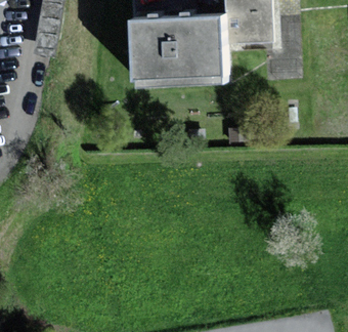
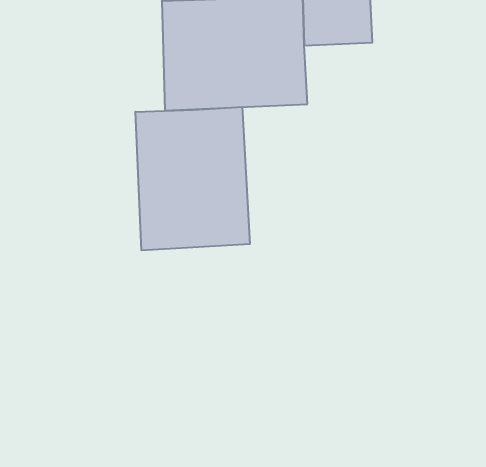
building: none -> [135,107,250,250]

